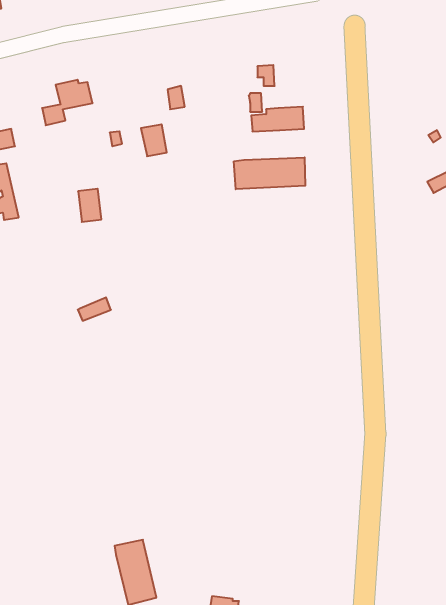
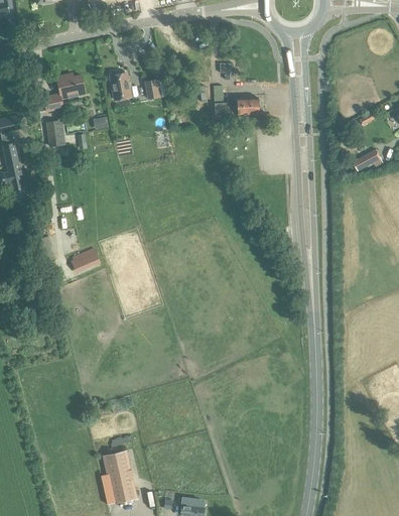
building: [141,124,167,156] -> [109,73,130,99]
building: [234,157,305,189] -> none
building: [78,189,101,222] -> [45,119,64,146]

